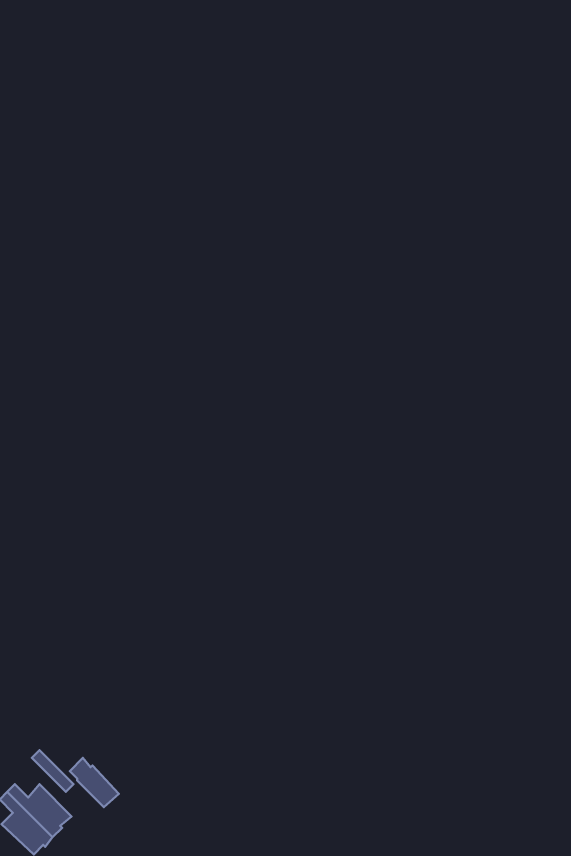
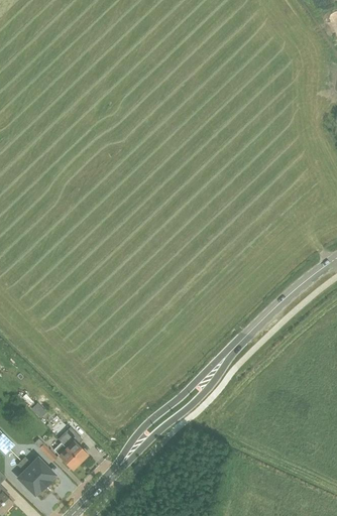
building: none -> [59,429,88,464]

